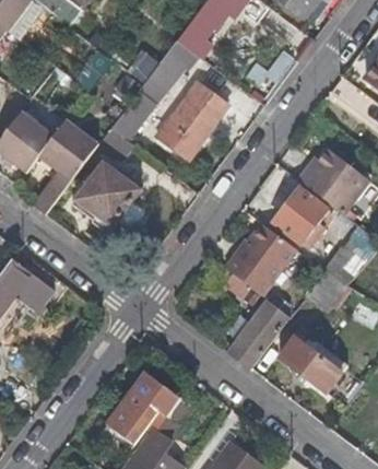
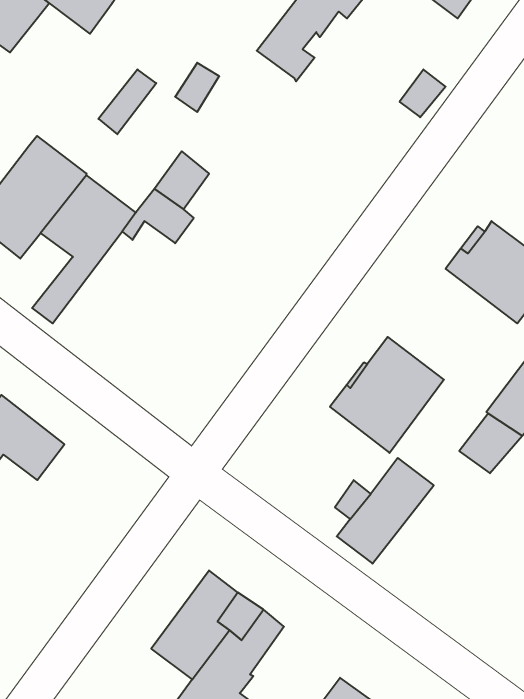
building: [138,39,200,101] -> none
building: [156,82,228,160] -> none
building: [73,163,141,230] -> none
building: [272,187,329,246] -> none
building: [277,335,343,395] -> none

